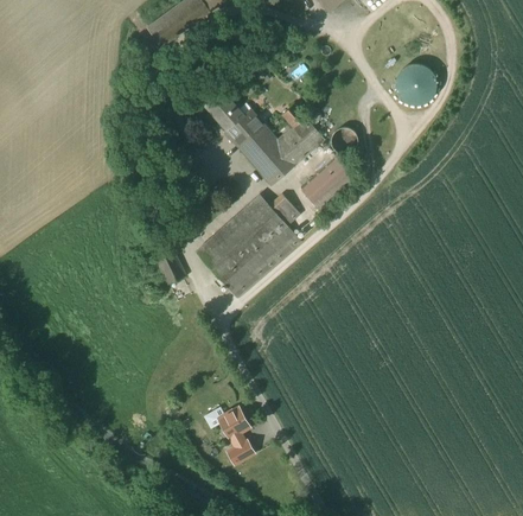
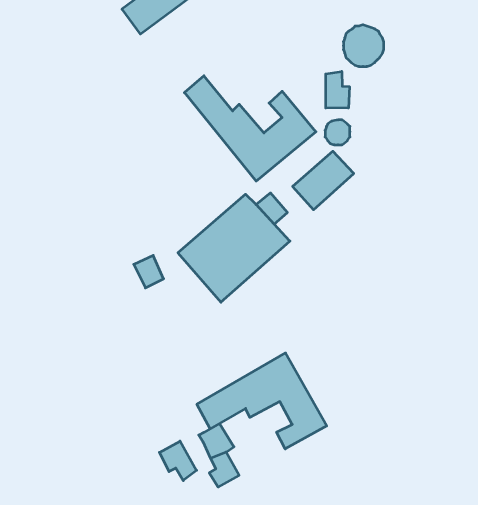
building: [396,64,433,102] -> [343,25,384,66]
building: none -> [326,71,349,108]
building: none -> [197,353,327,449]
building: none -> [159,441,197,481]

